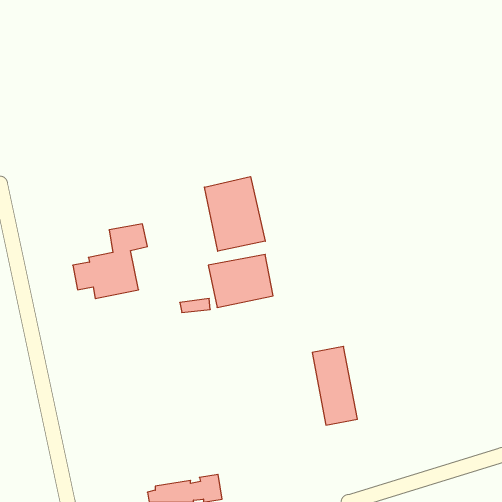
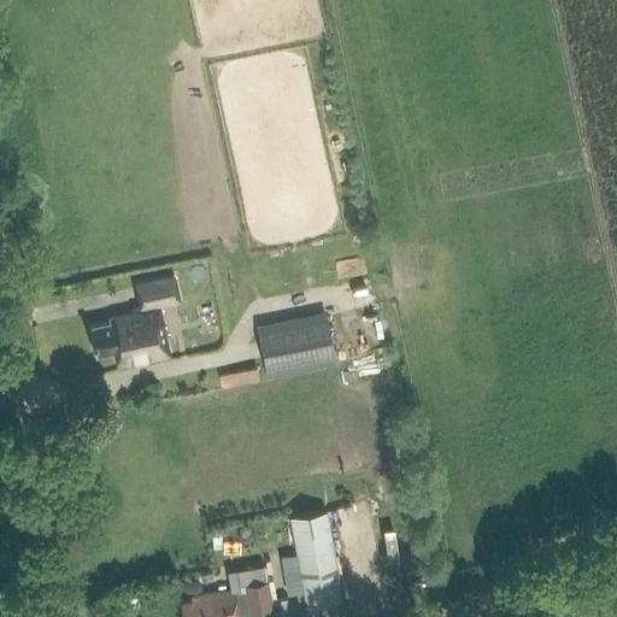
building: [204,177,265,251] -> none
building: [312,346,357,425] -> [288,509,343,605]

